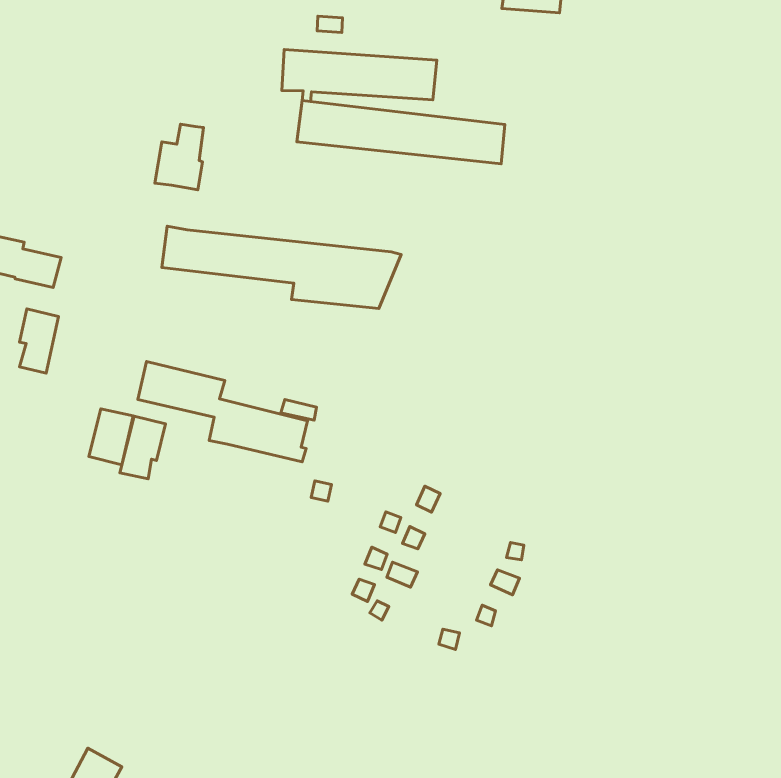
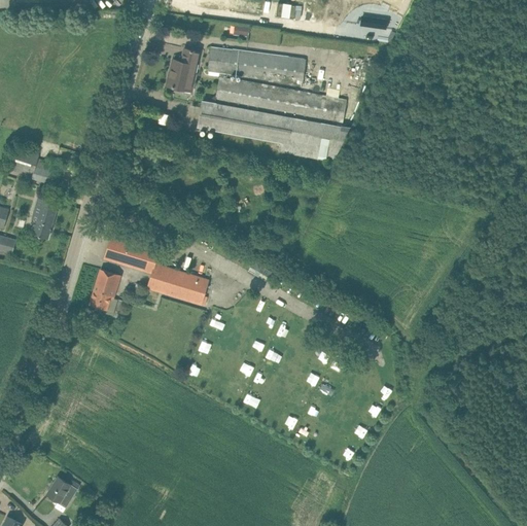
building: [155,124,203,190] -> [165,49,198,92]
building: [162,226,401,308] -> [197,101,348,162]
building: [89,409,133,465] -> none

